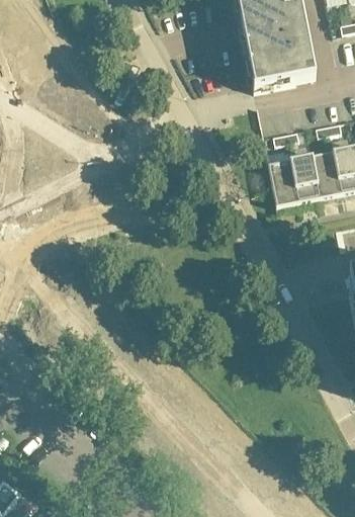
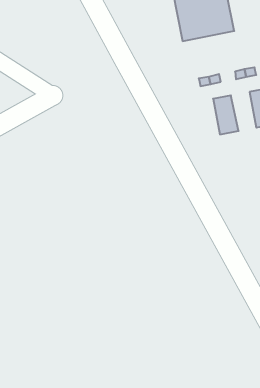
building: [312,150,342,196] -> none
building: [268,158,298,205] -> none

